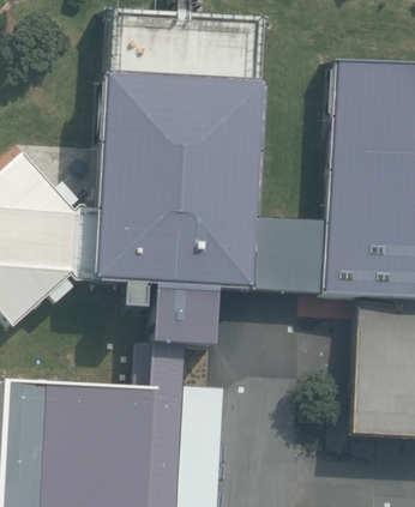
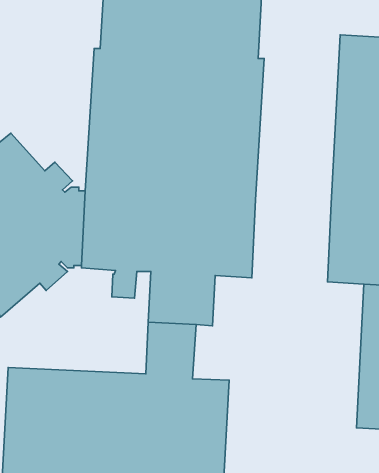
building: [251,218,326,296] -> none

